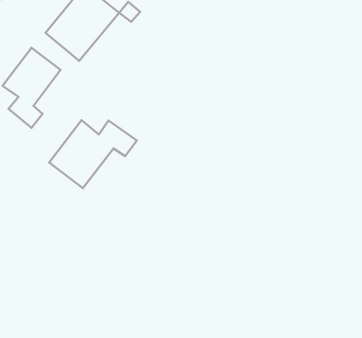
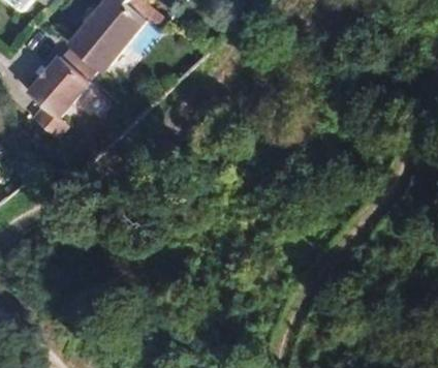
building: [49,120,137,188] -> none

